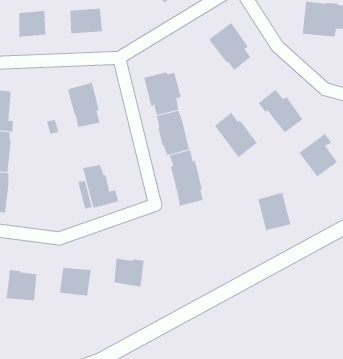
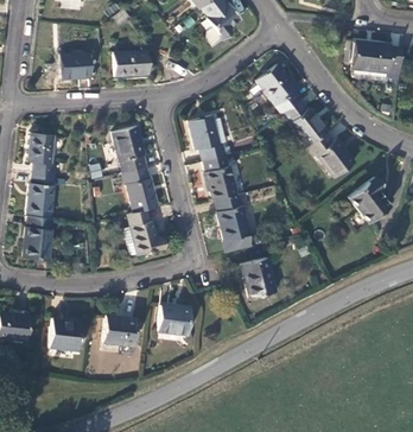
building: [214,112,258,158] -> [282,100,328,147]
building: none -> [122,167,157,212]
building: [258,192,291,230] -> [242,258,277,297]

